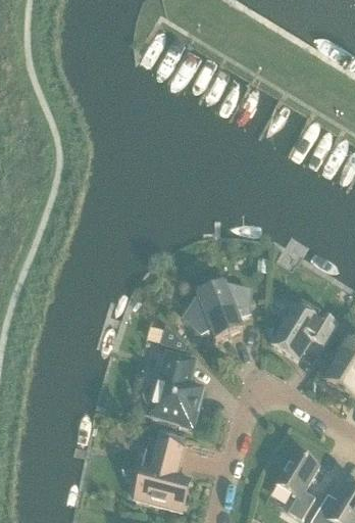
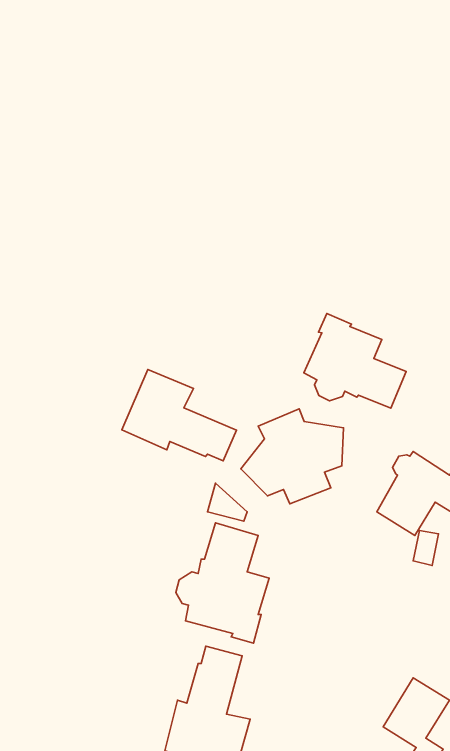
building: none -> [304,313,406,408]
building: none -> [122,370,236,461]

